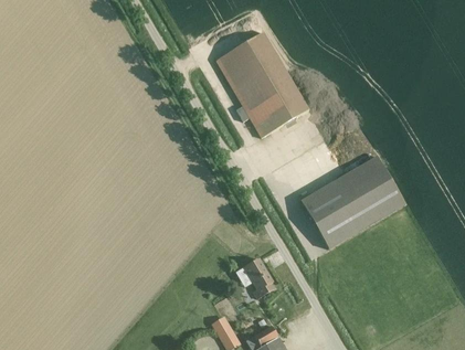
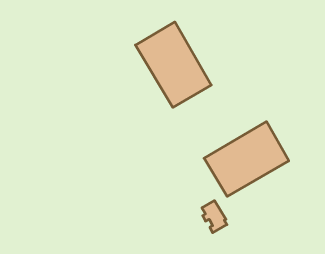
building: [244,259,275,299] -> [202,201,227,233]

